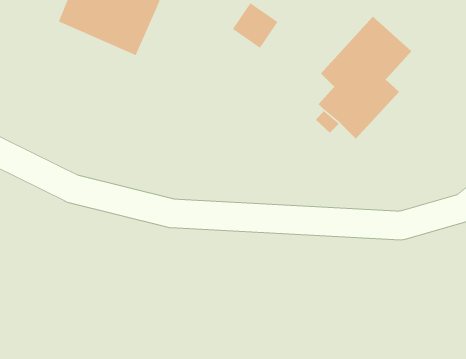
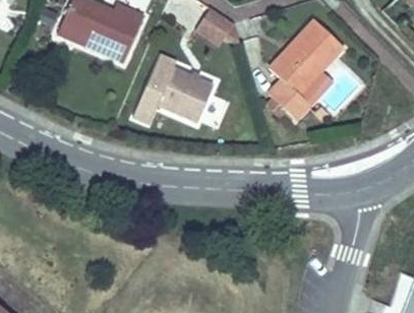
building: none -> [136,54,217,125]

